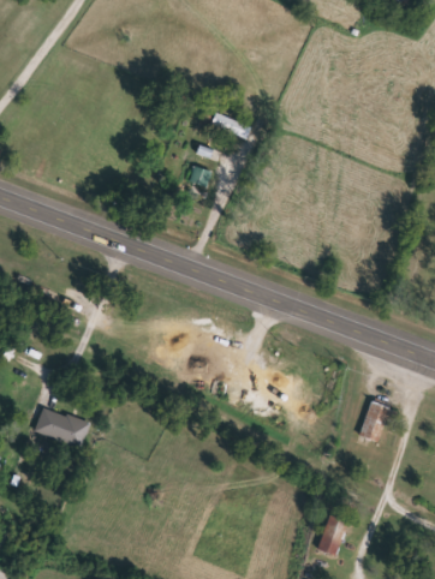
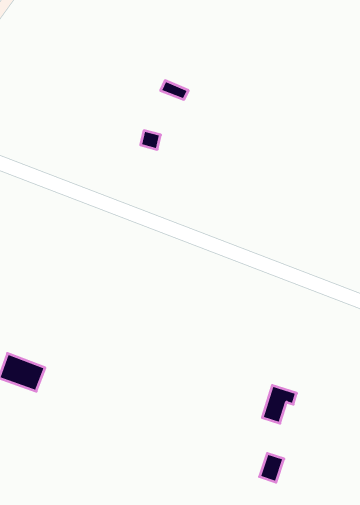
building: [357,401,394,442] -> [262,385,297,423]

